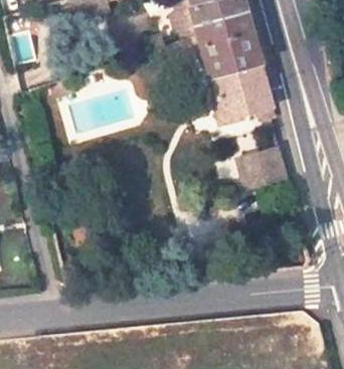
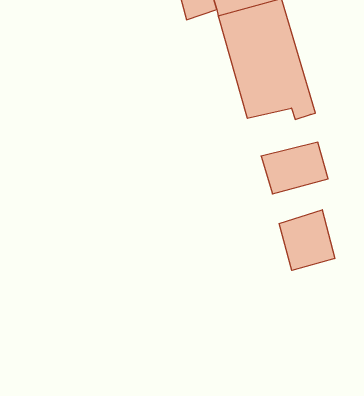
building: none -> [279,210,335,270]

